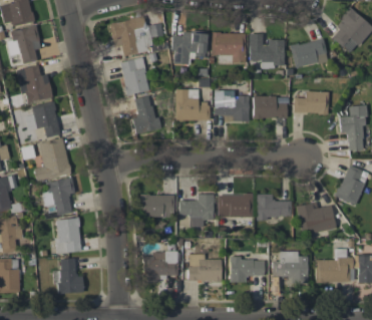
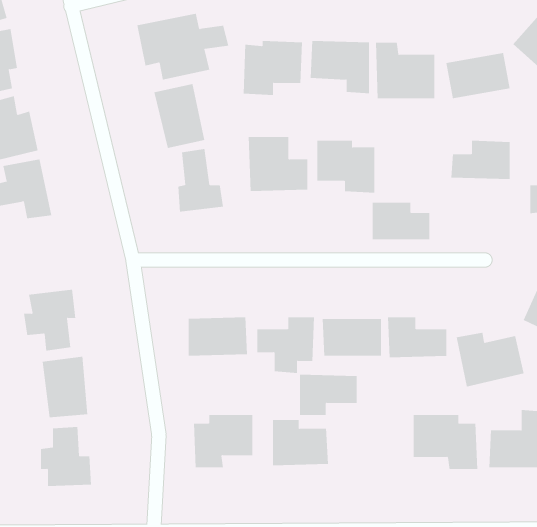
building: [253,96,287,118] -> [372,202,430,240]
building: [34,137,70,181] -> none
building: [230,258,264,282] -> [299,374,357,415]

